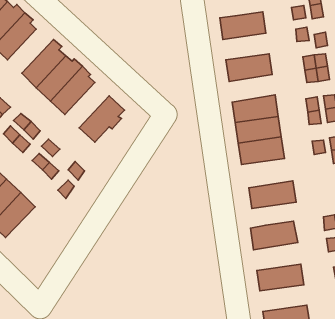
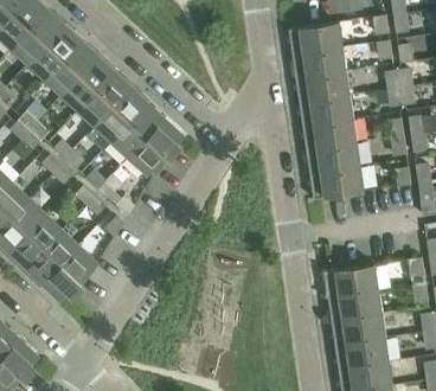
building: none -> [44,43,97,94]
building: none -> [293,47,346,78]
building: none -> [300,95,353,127]
building: none -> [110,104,161,156]
building: [249,181,296,208] -> [328,289,383,321]
building: none -> [41,248,92,300]
building: none -> [335,338,390,368]

